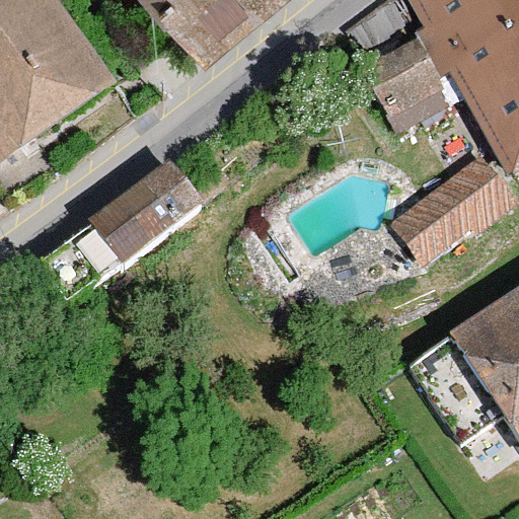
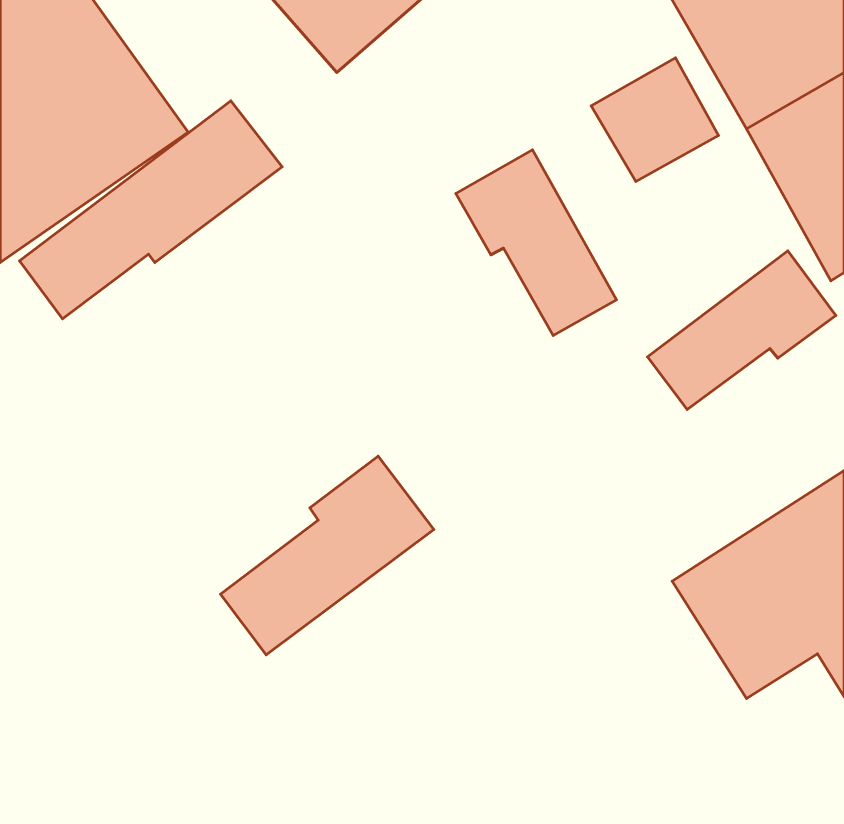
building: none -> [456,150,617,336]
building: [40,161,201,295] -> [20,101,282,319]
building: none -> [221,456,434,655]

